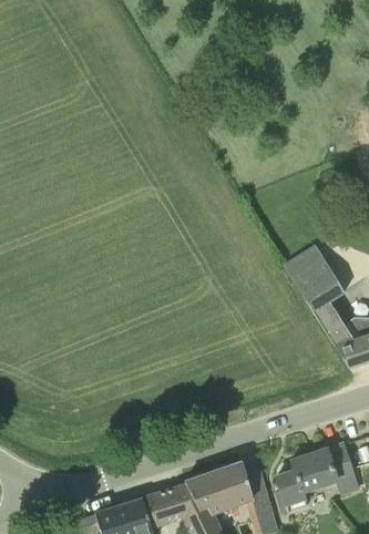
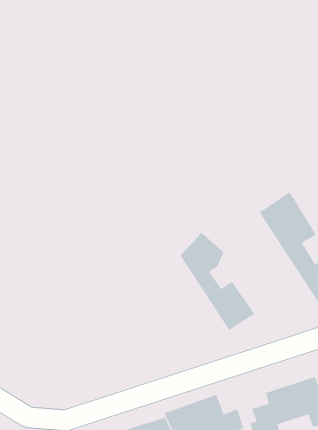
building: none -> [180,232,255,331]

